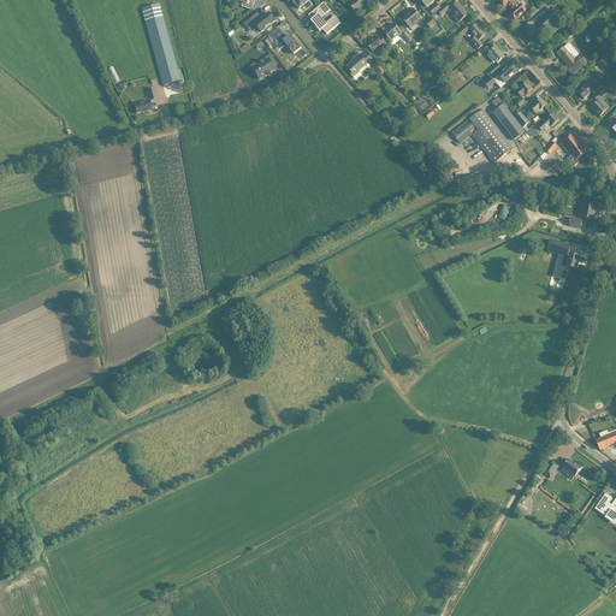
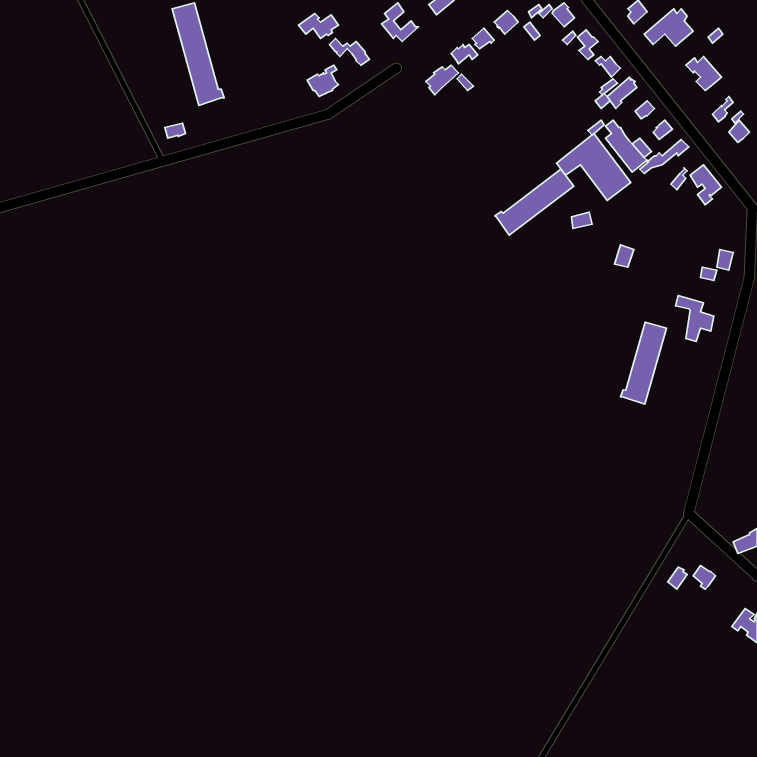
building: none -> [495,169,574,235]
building: none -> [621,322,666,404]

